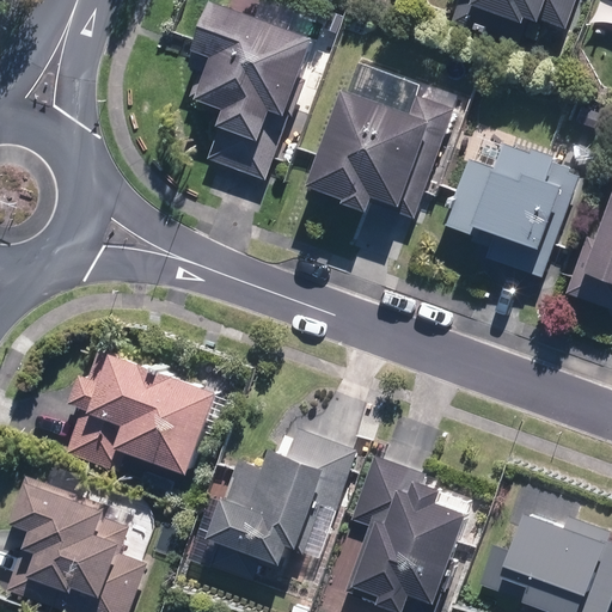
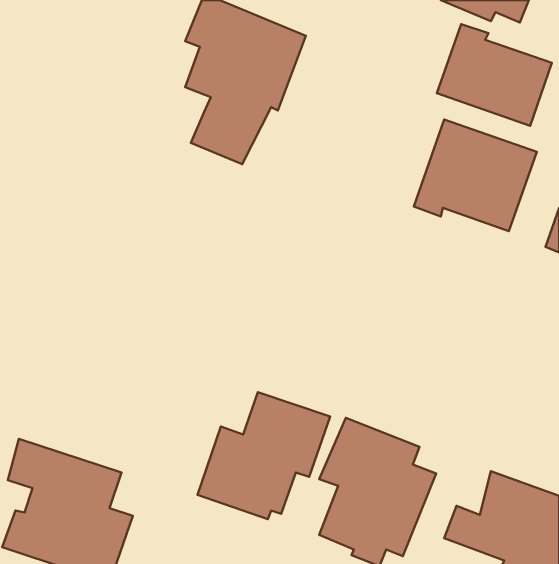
building: none -> [437,24,552,126]
building: [305,65,464,215] -> none
building: [63,348,222,477] -> none

